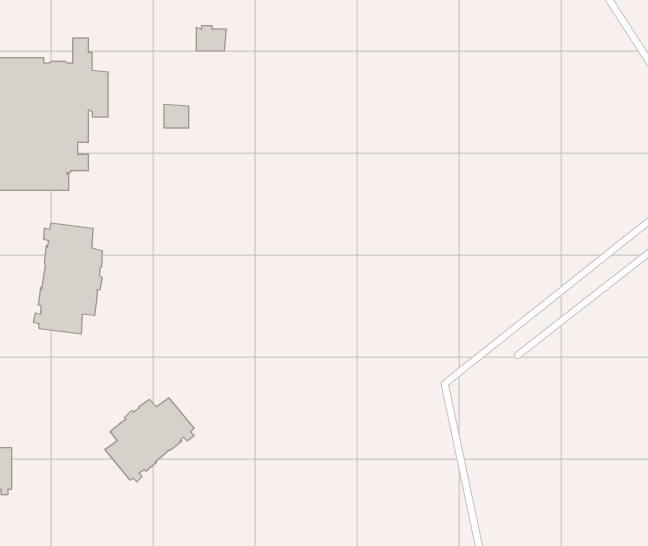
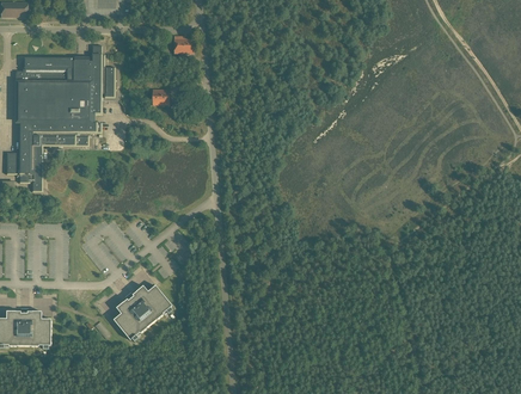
building: [34,223,102,334] -> none

